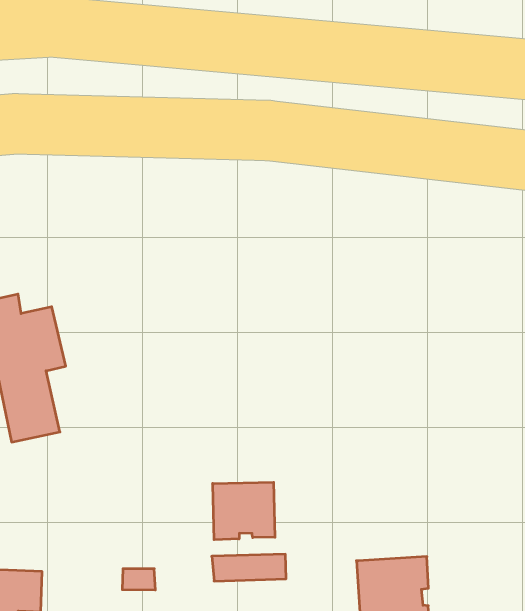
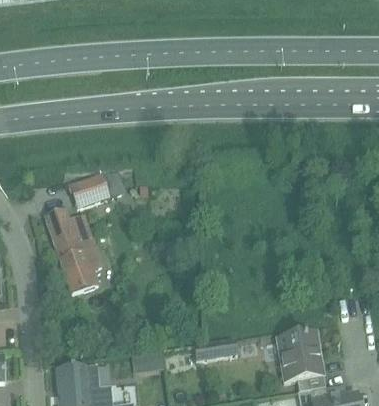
building: none -> [70,171,122,207]
building: [213,482,275,540] -> none

